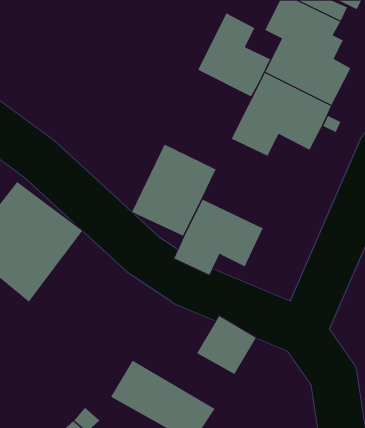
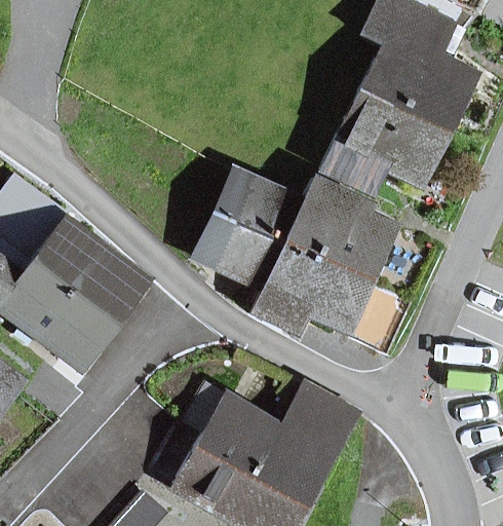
building: [197,13,271,97] -> none
building: none -> [287,178,385,278]
building: none -> [187,387,327,498]

